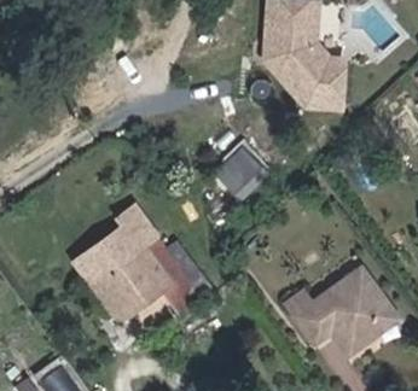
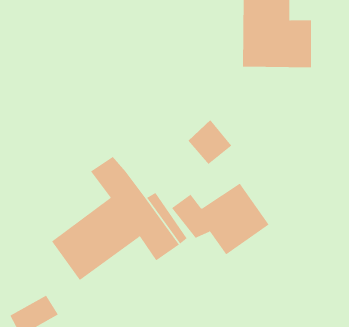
building: [279,279,388,358] -> [171,183,270,255]

